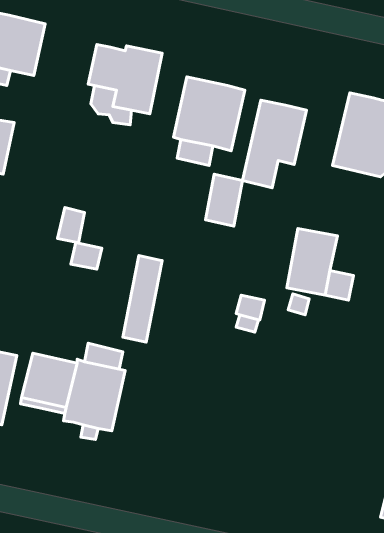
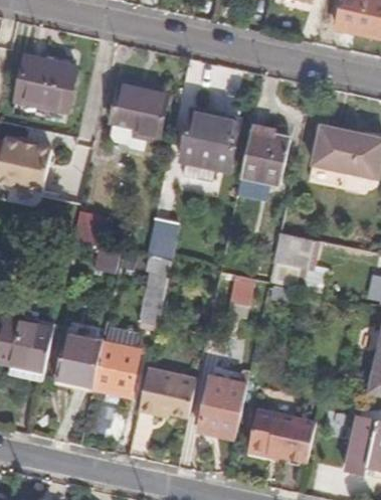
building: [205,174,242,226] -> [145,217,175,260]
building: none -> [137,368,196,416]
building: none -> [199,374,247,436]
building: none -> [248,408,318,461]

